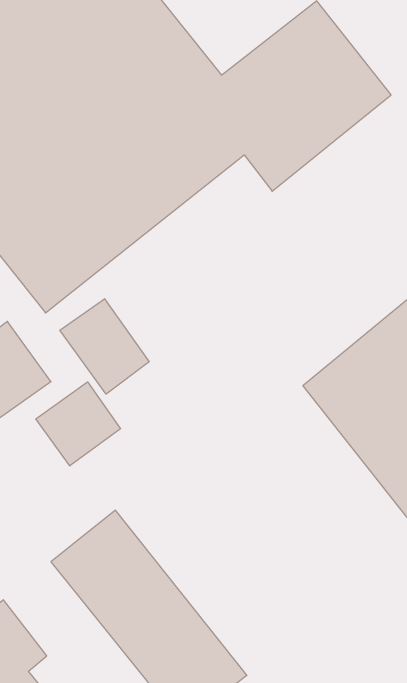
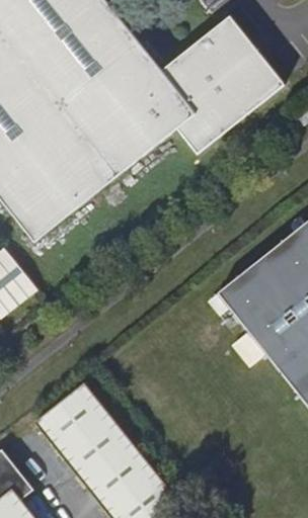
building: [60,299,149,394] -> none
building: [36,382,120,466] -> none

